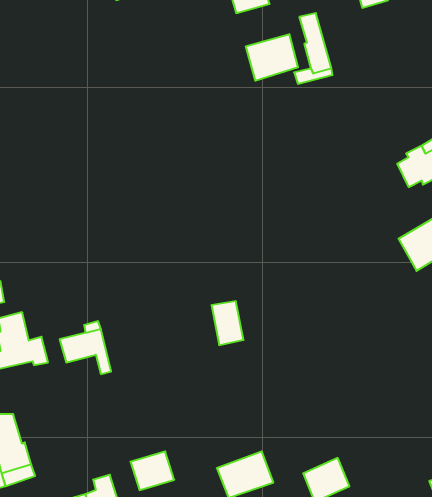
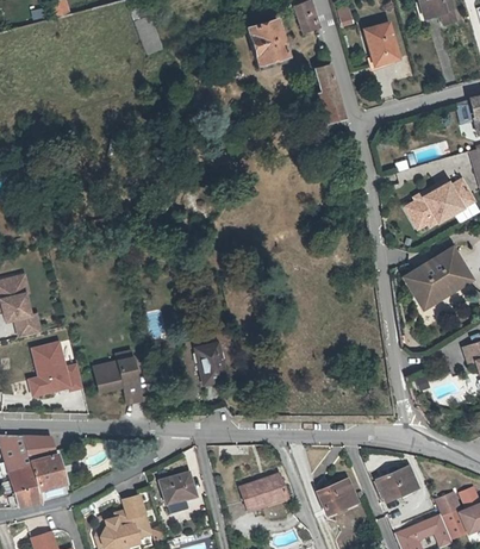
building: [246,34,298,81] -> none
building: [211,301,244,345] -> [195,343,225,383]
building: none -> [374,464,419,503]

